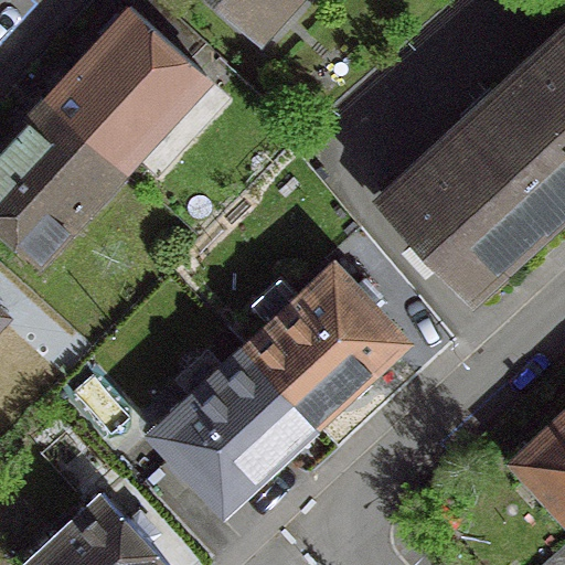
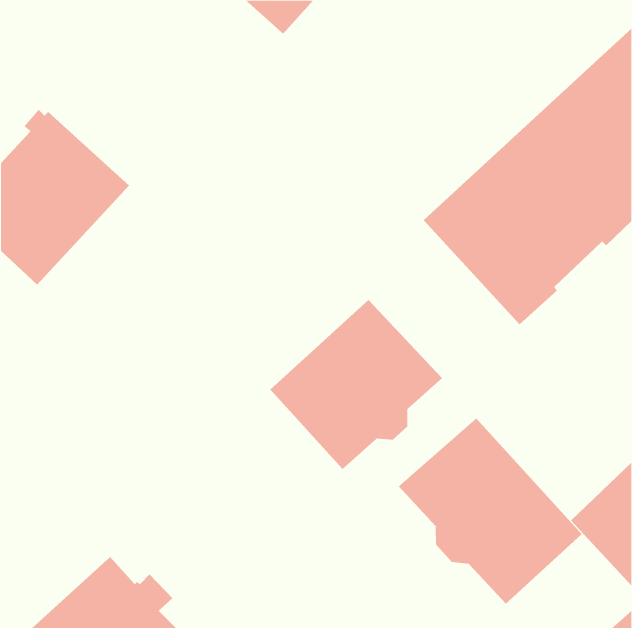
building: [43,13,199,169] -> none
building: [152,351,306,504] -> none
building: none -> [398,417,583,604]

